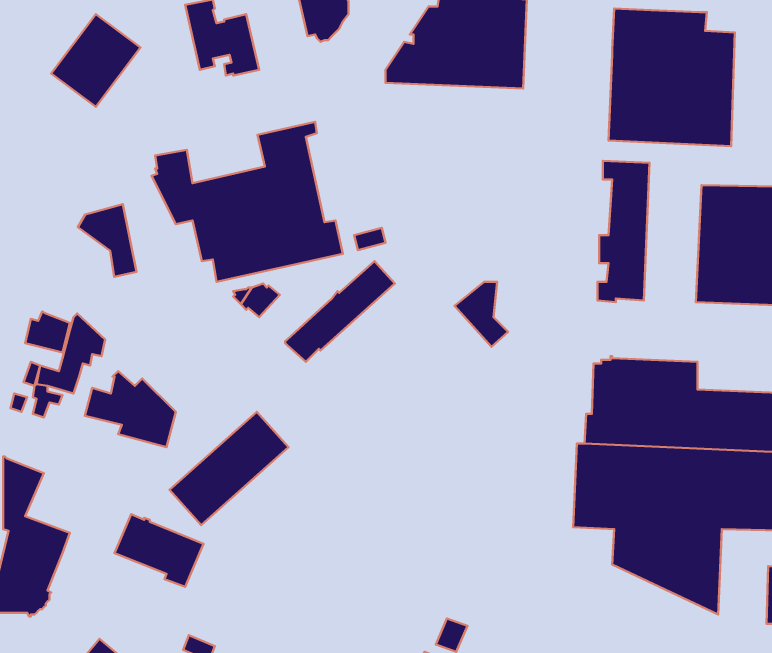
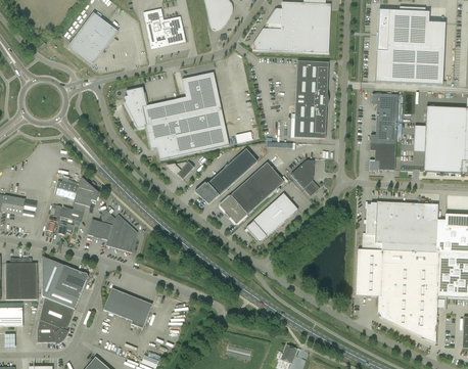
building: none -> [293,60,328,142]
building: [78,204,136,277] -> none
building: none -> [245,192,297,240]
building: [170,412,289,525] -> [219,162,284,224]
building: none -> [54,265,88,297]

